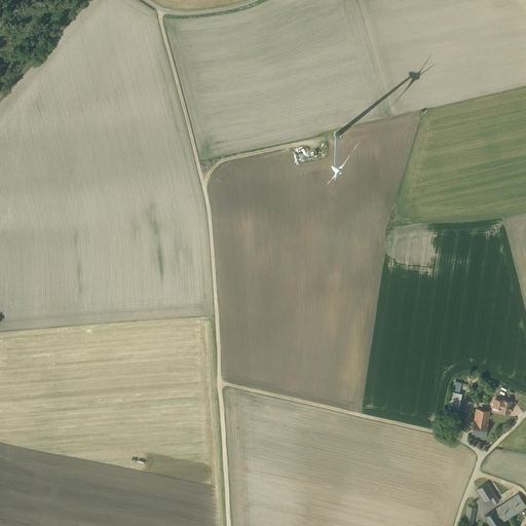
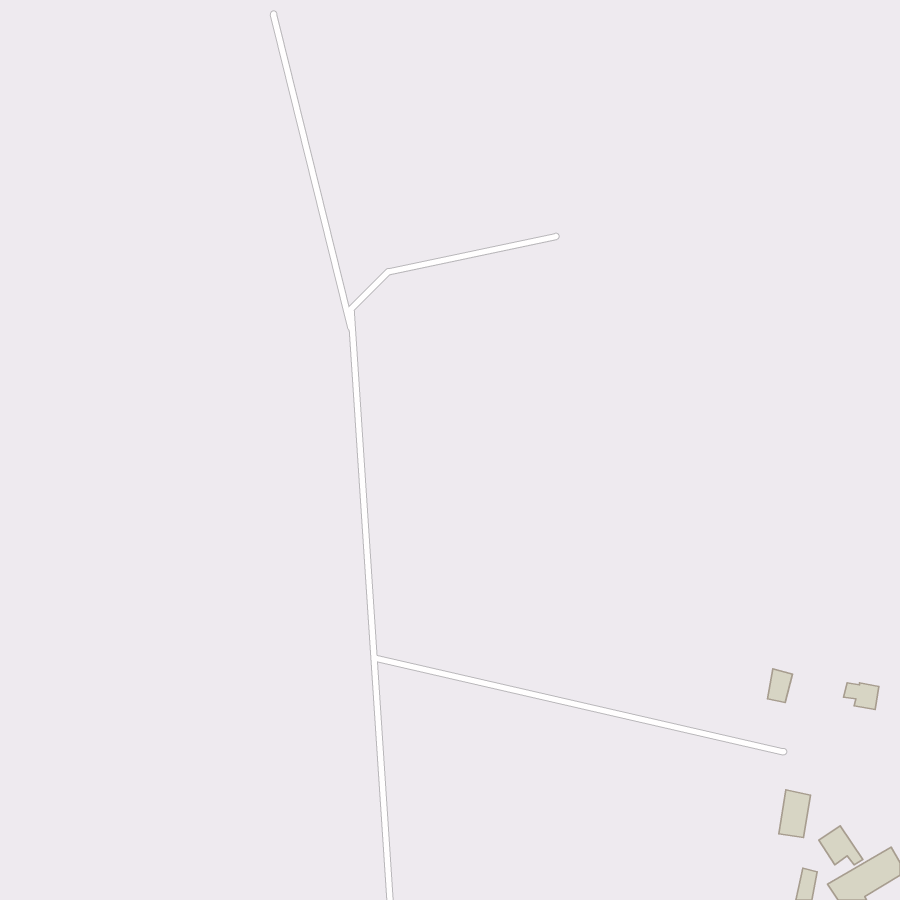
building: [471,407,489,435] -> [779,790,810,838]

